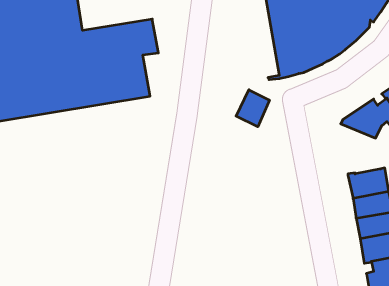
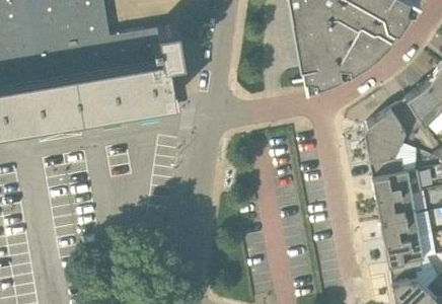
building: [236,90,269,127] -> none
building: none -> [365,131,406,180]

